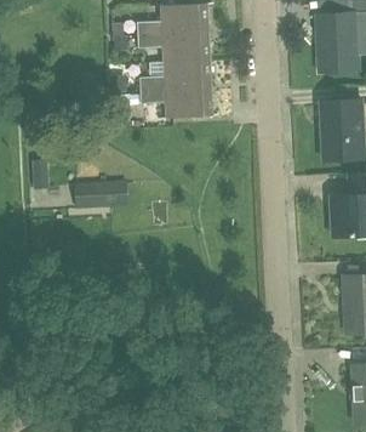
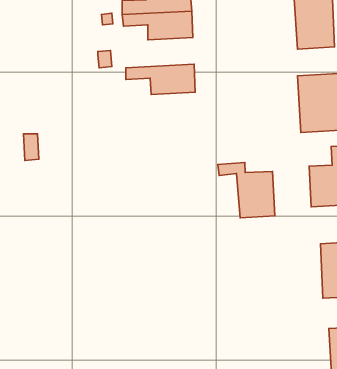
building: [138,59,211,91] -> none
building: [75,183,126,206] -> none
building: none -> [218,162,275,218]

